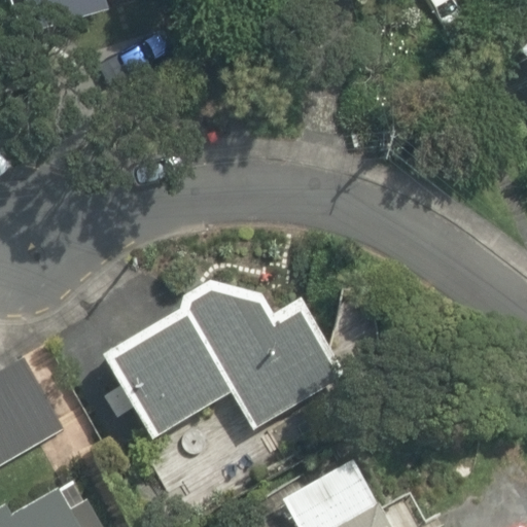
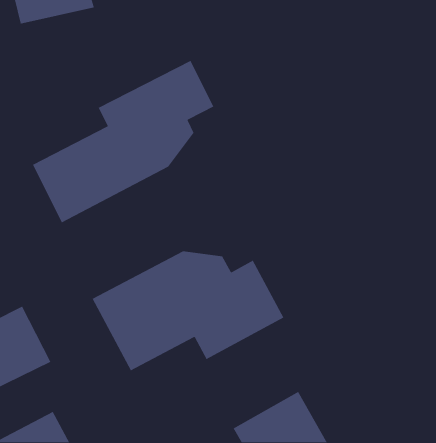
building: none -> [32,60,215,223]

